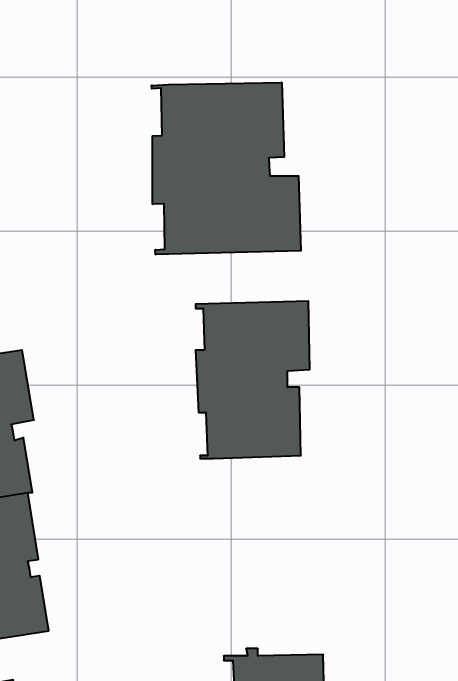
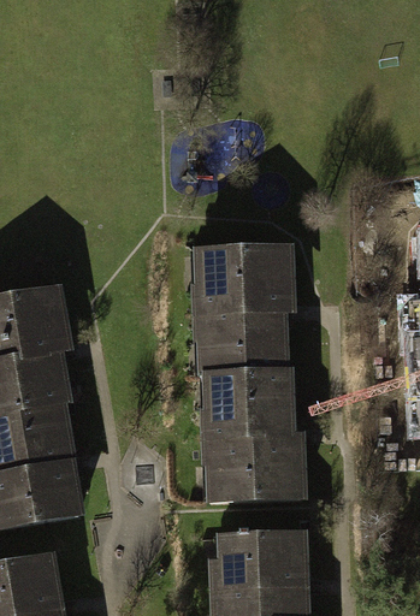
building: [152,82,301,255] -> none
building: none -> [206,373,300,502]

